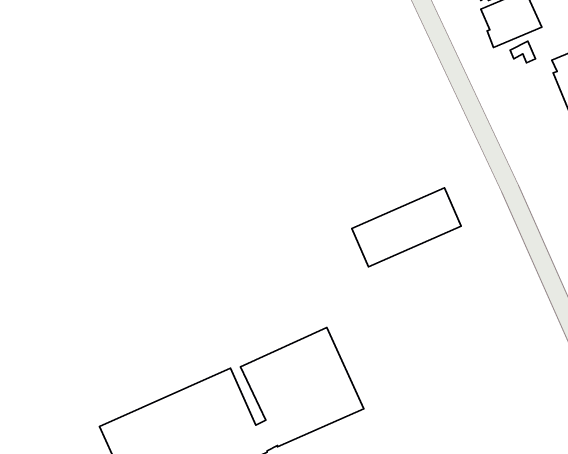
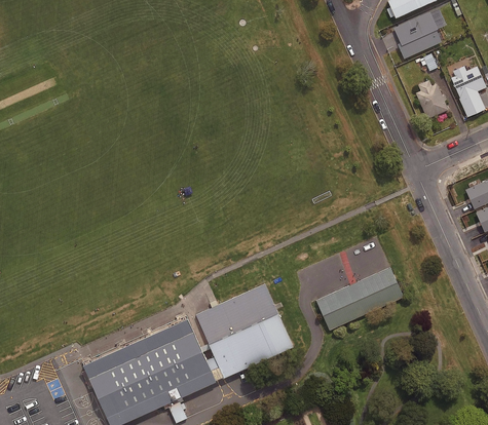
building: none -> [413,78,450,117]
building: [352,188,461,267] -> [316,268,405,332]

